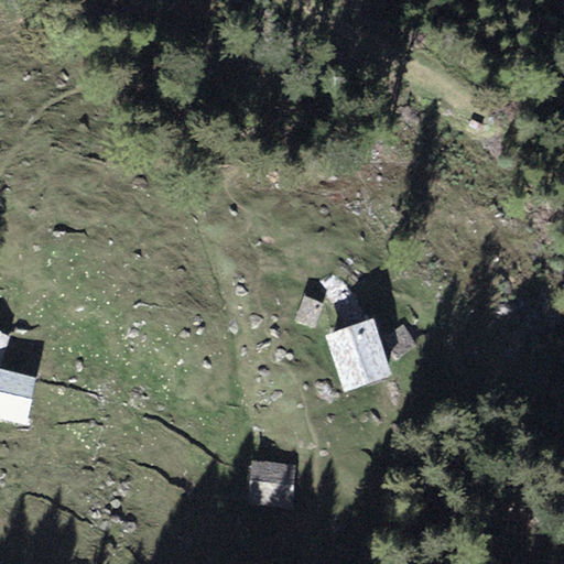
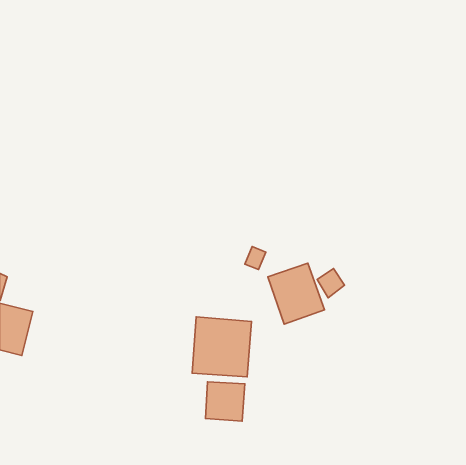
building: none -> [192,317,251,377]

